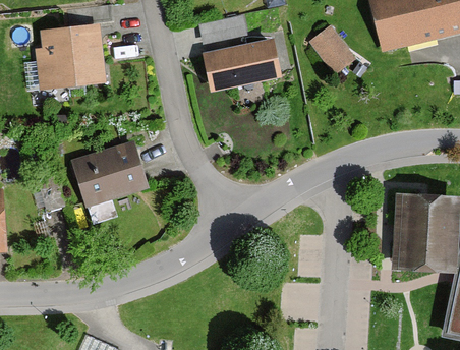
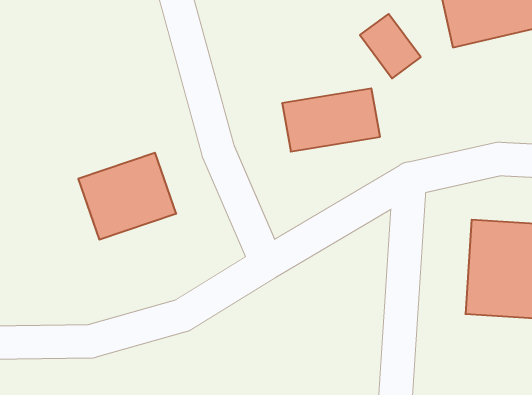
building: [34,21,107,92] -> none
building: [200,40,281,92] -> [282,88,380,152]

